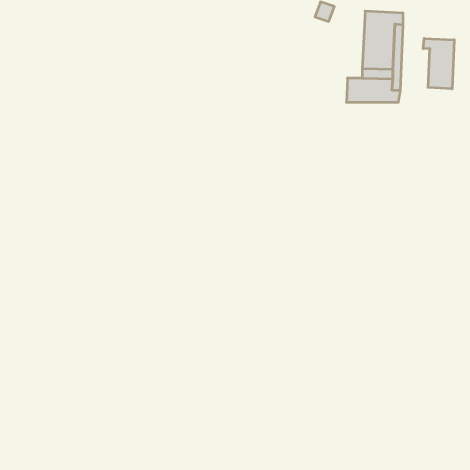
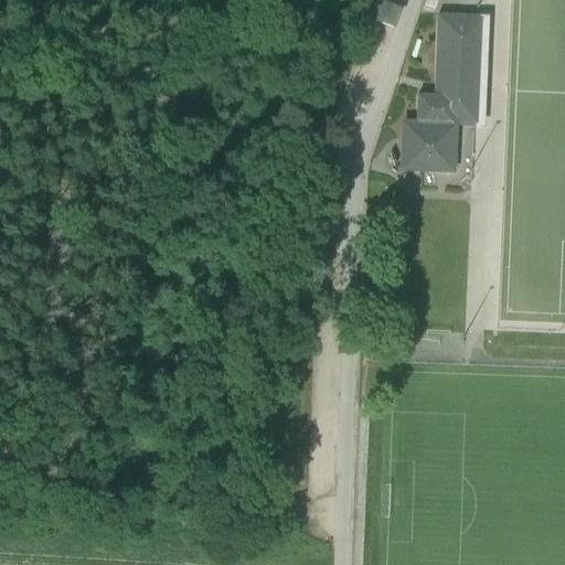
building: [423,38,454,89] -> none
building: none -> [405,120,457,168]

